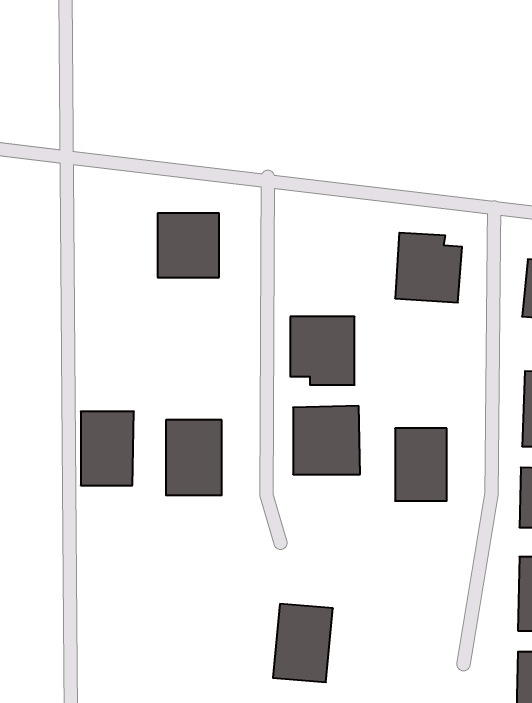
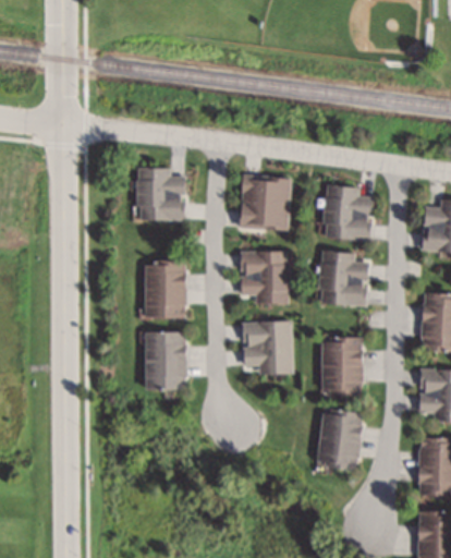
building: none -> [237,174,290,230]
building: none -> [318,251,368,305]
building: [81,411,134,485] -> [144,260,185,318]
building: [273,604,333,682] -> [316,409,363,470]

